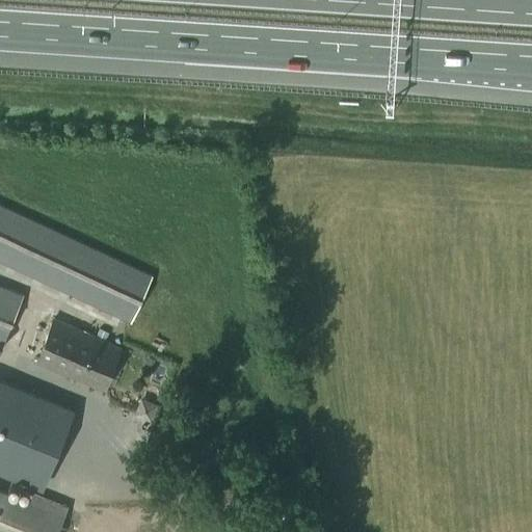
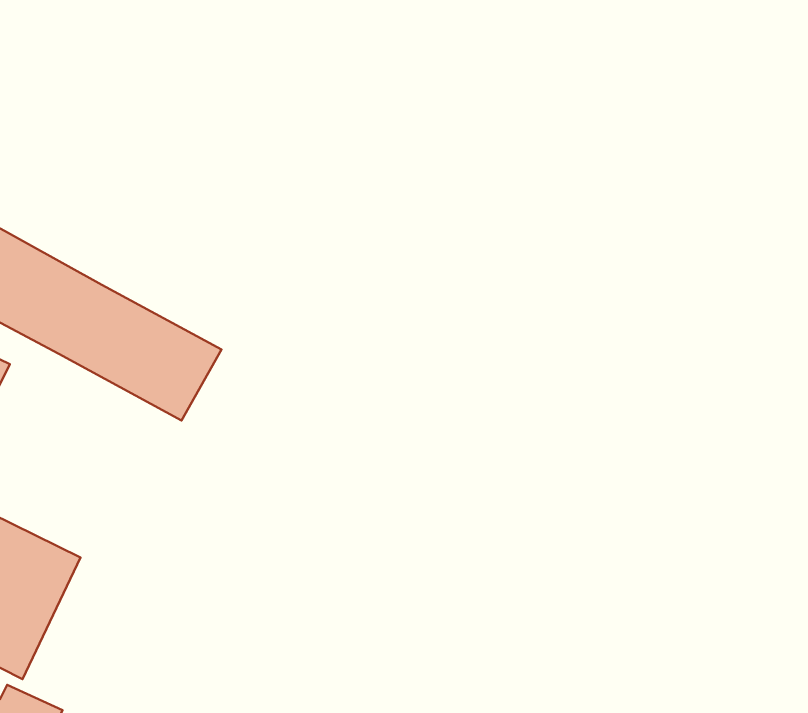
building: [36,320,119,392] -> none

